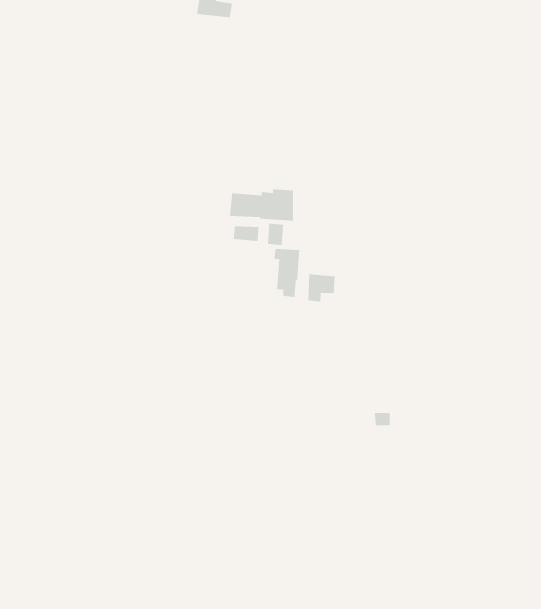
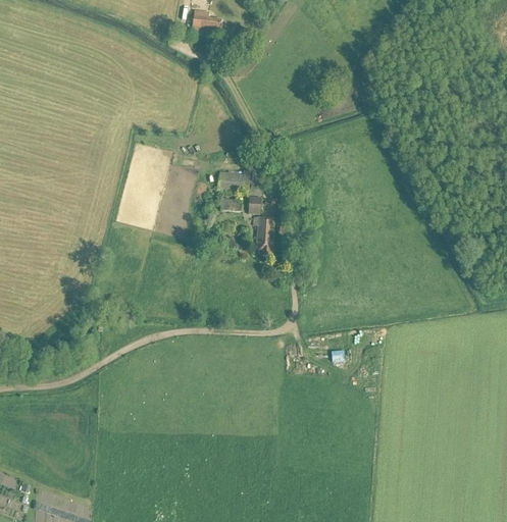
building: [307,274,335,303] -> none

